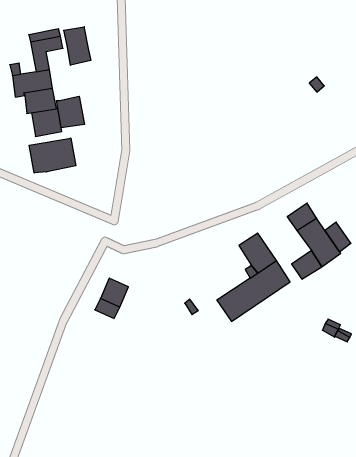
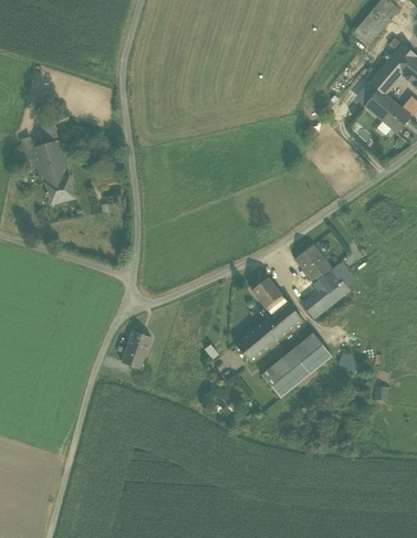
building: [64,27,91,65] -> none
building: [57,96,84,128] -> none
building: [29,138,76,173] -> none
building: none -> [259,333,330,398]

